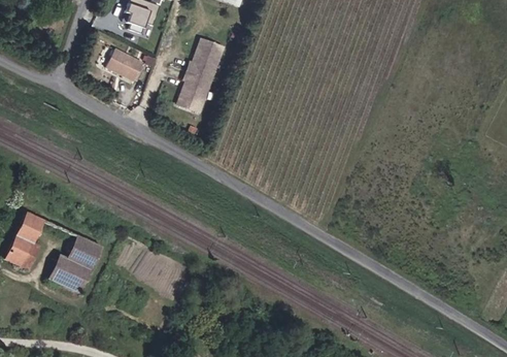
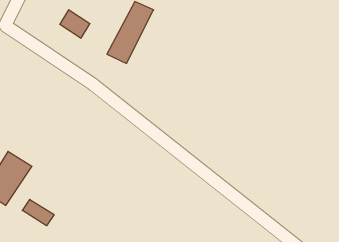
building: none -> [22,199,54,226]

